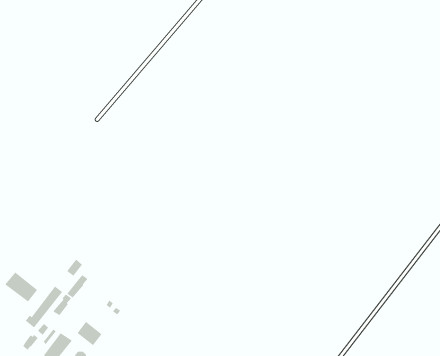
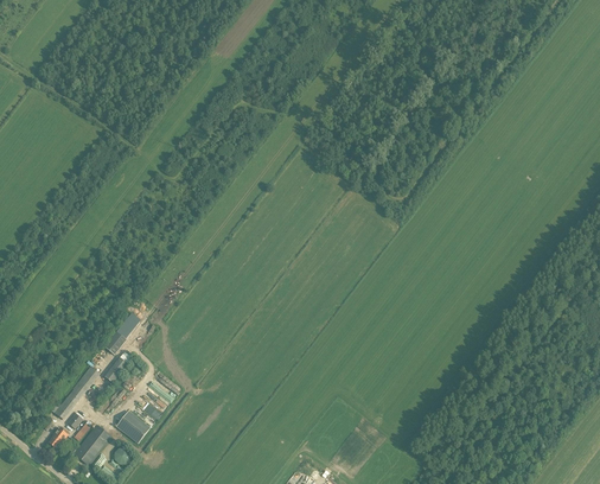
building: [4,272,38,302] -> none

